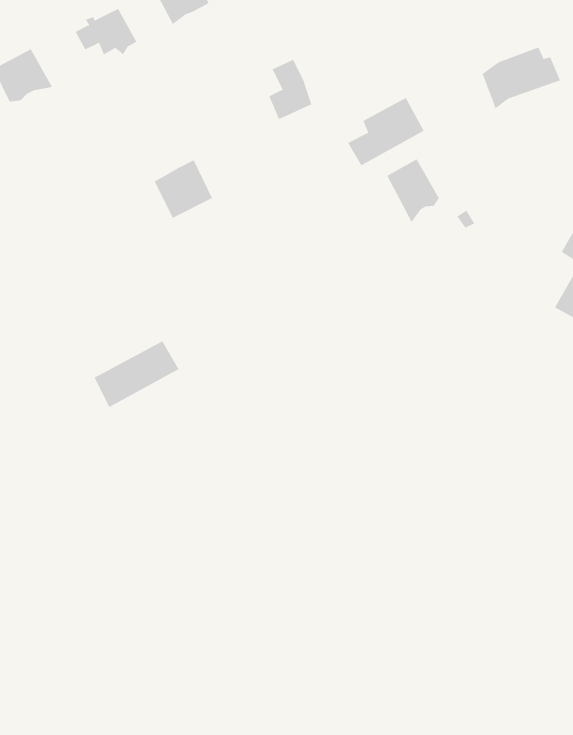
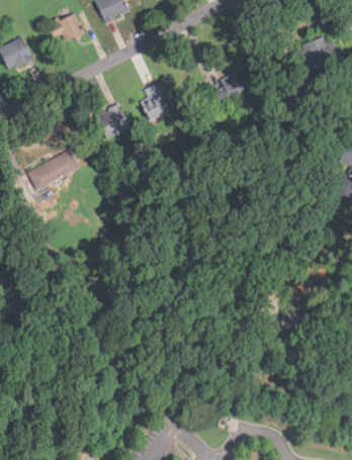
building: [268,59,312,120] -> [143,83,169,119]
building: [387,159,439,223] -> none
building: [94,341,180,408] -> [28,150,80,190]

